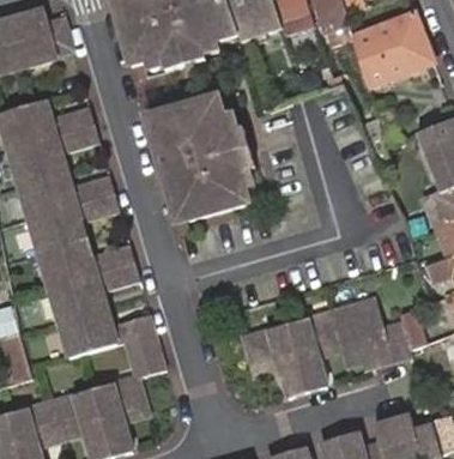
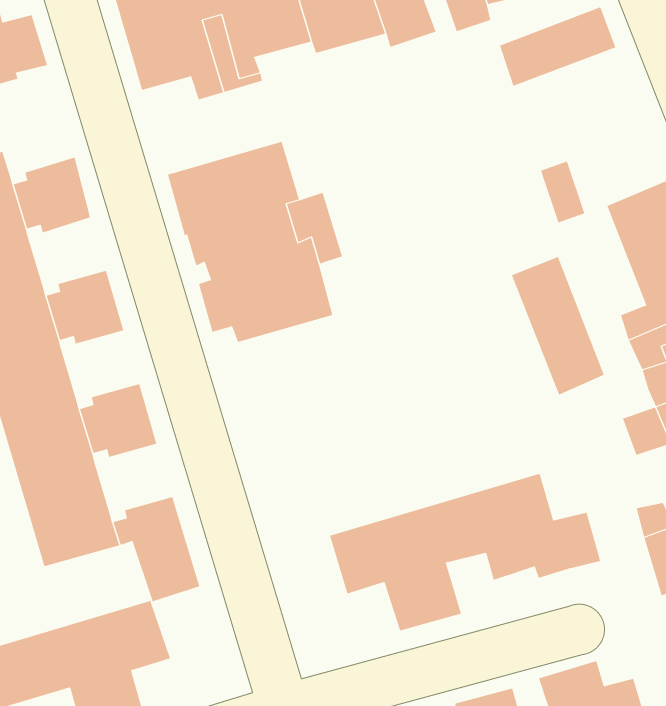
building: [358,37,431,85] -> none
building: none -> [511,256,604,395]

